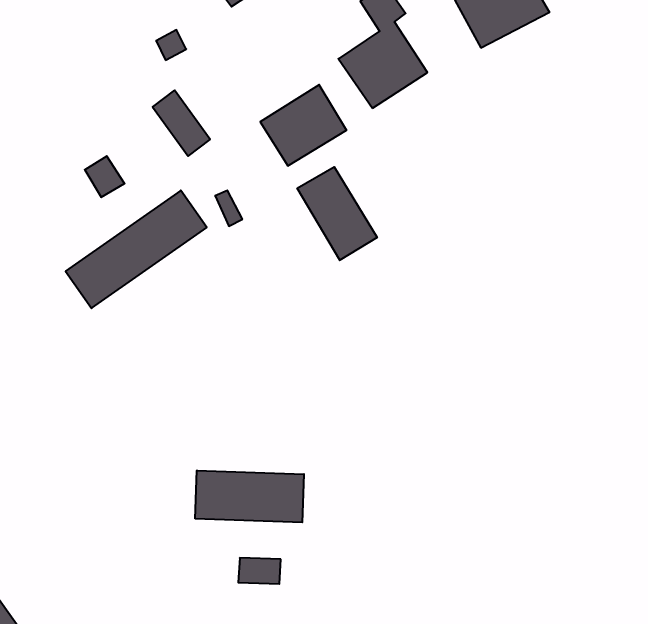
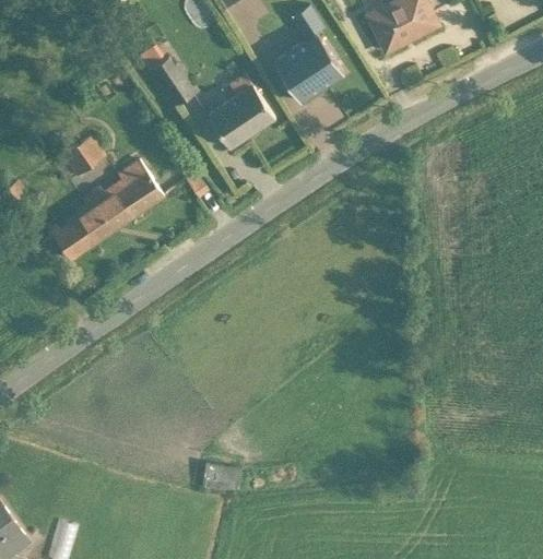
building: [153,90,210,156] -> [146,55,192,107]
building: [297,167,377,260] -> none
building: [195,470,304,522] -> none

